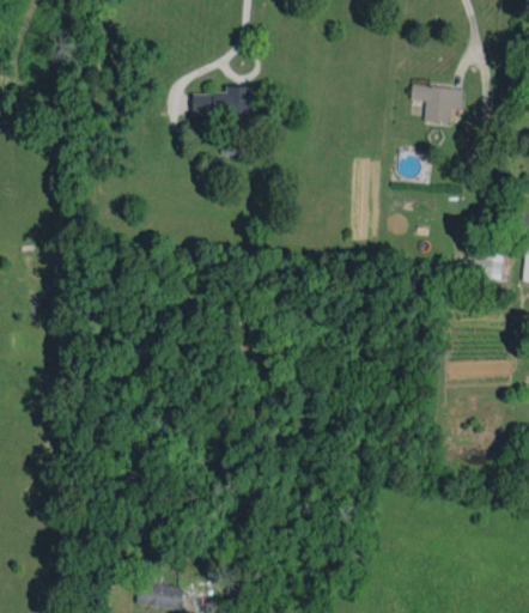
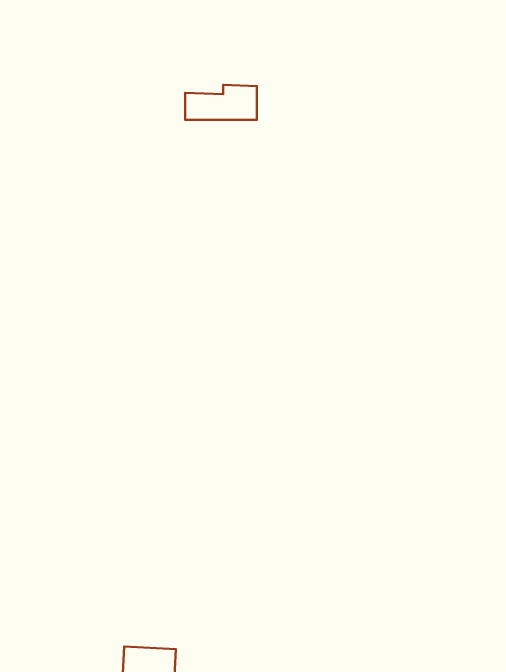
building: [411,85,463,123] -> none

